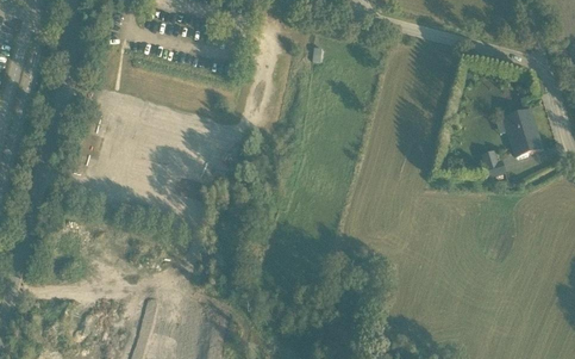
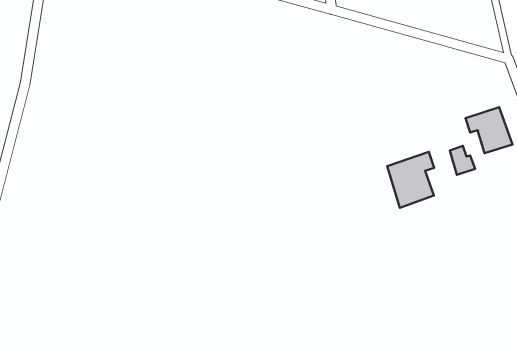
building: none -> [387,152,434,208]

